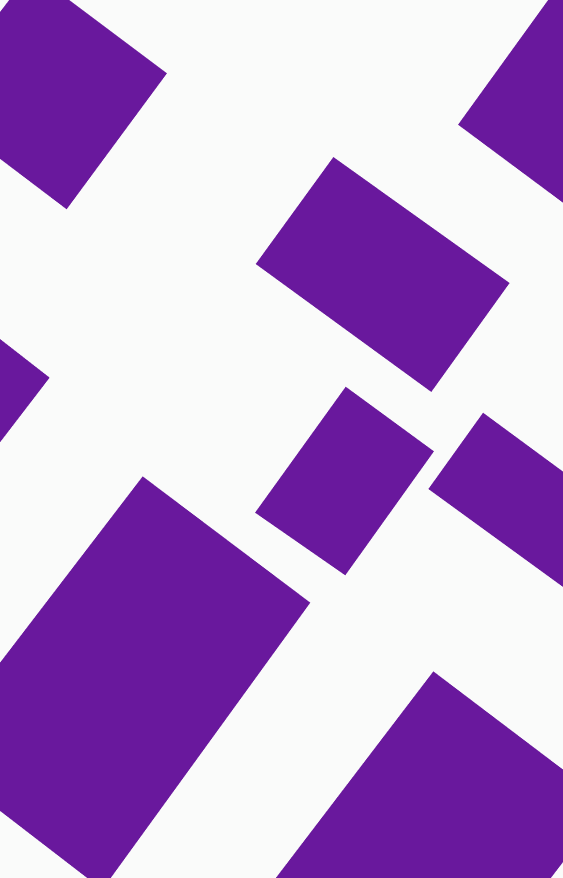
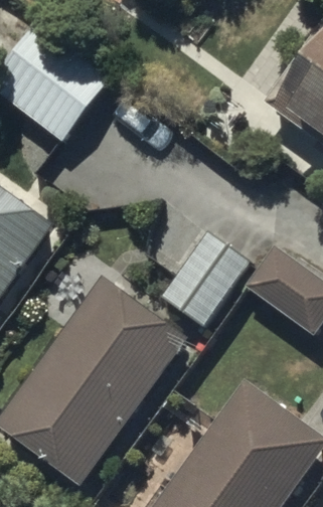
building: [255,156,511,393] -> none

